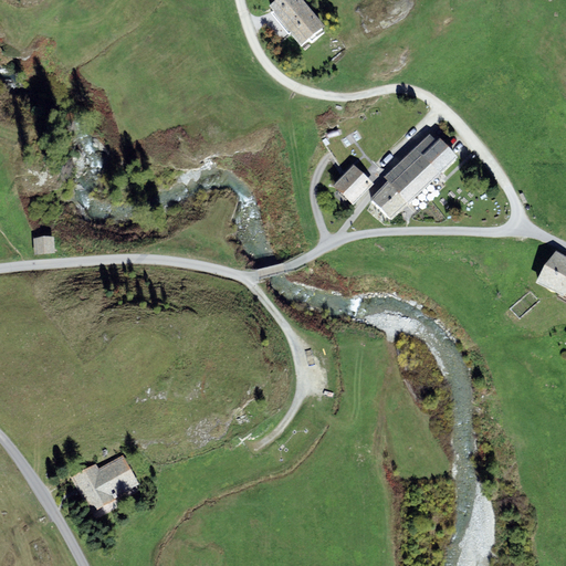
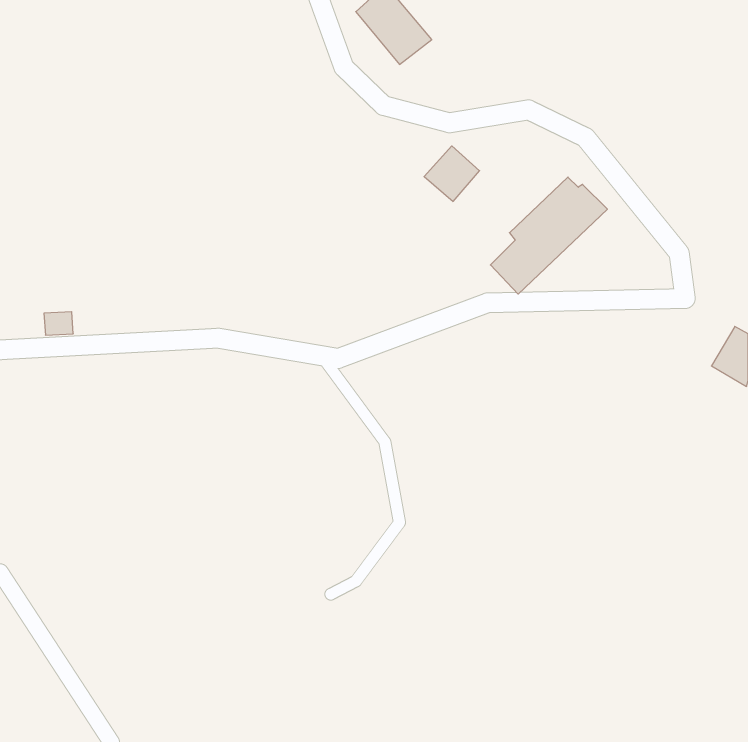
building: [332,165,374,207] -> [424,146,480,201]
building: [71,451,139,510] -> none

